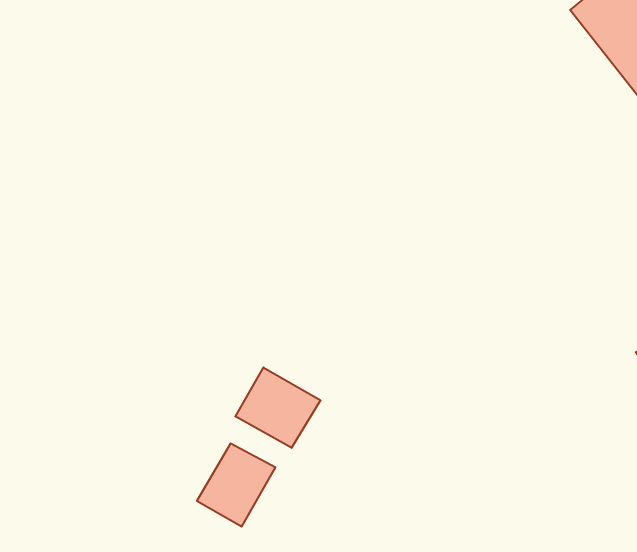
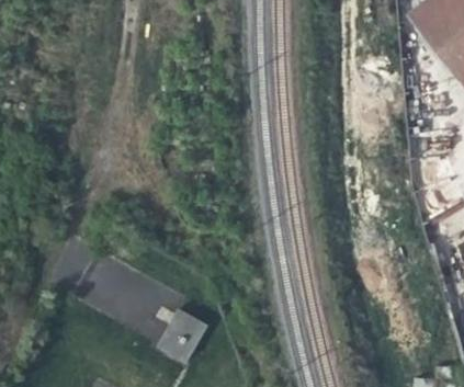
building: [235,367,321,448] -> none

